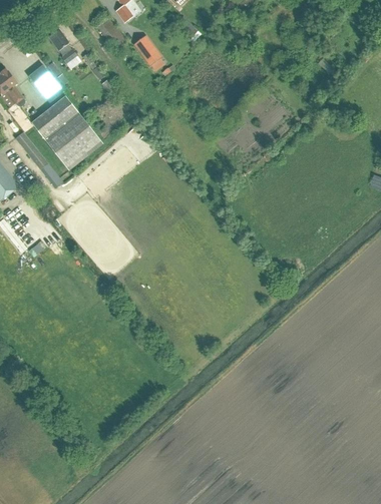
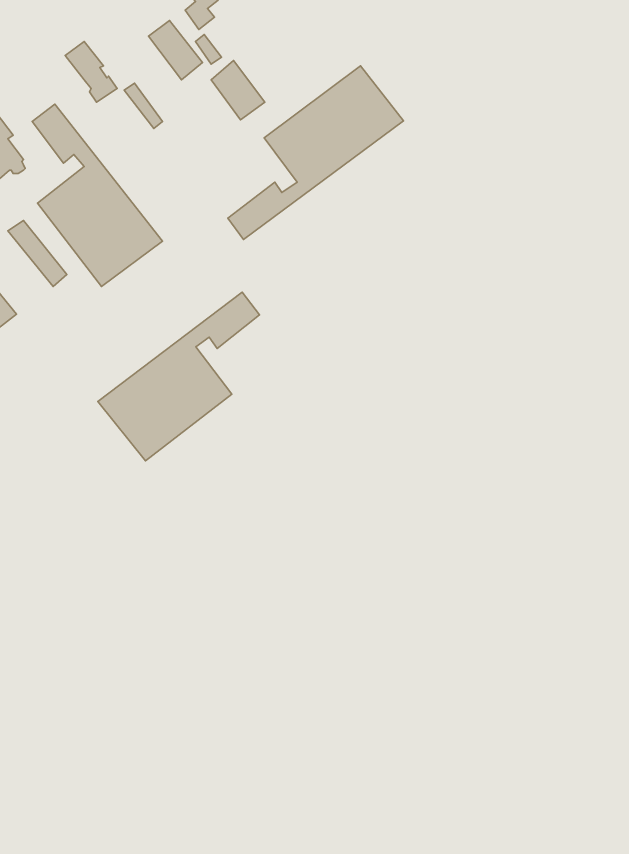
building: none -> [228,66,404,239]
building: none -> [98,292,260,461]

